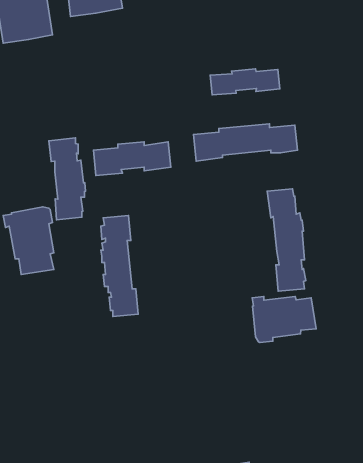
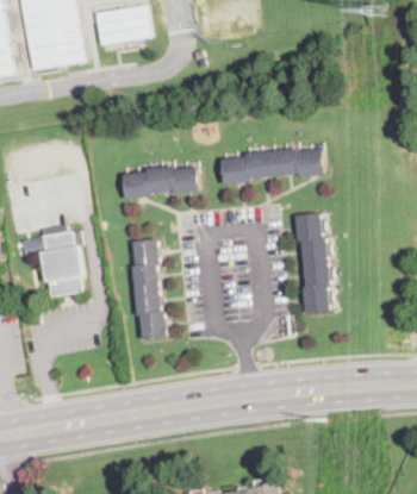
building: [210,69,280,95] -> none
building: [49,138,86,220] -> none
building: [252,297,316,343] -> none

